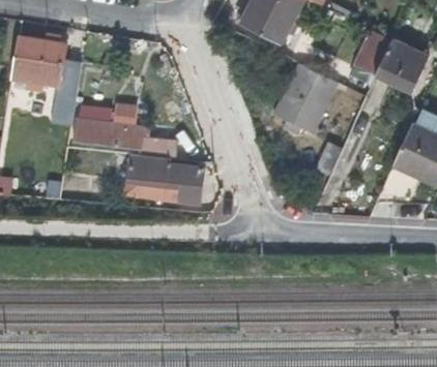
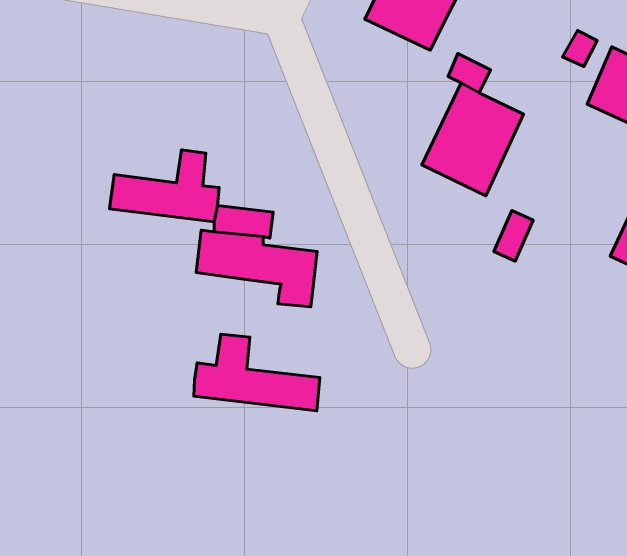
building: [11,37,82,125] -> none
building: none -> [194,334,320,411]

